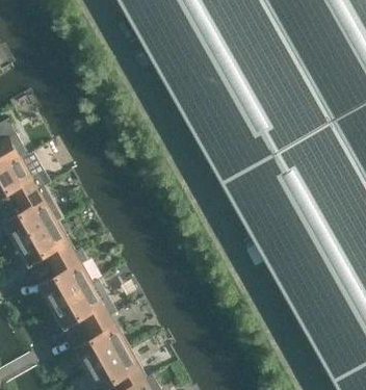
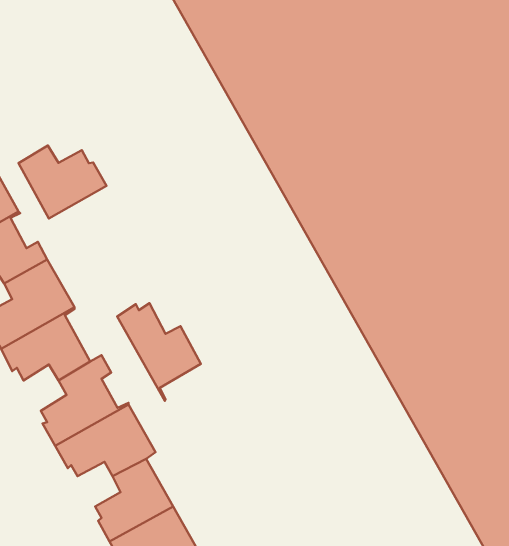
building: none -> [18,145,107,218]
building: none -> [117,303,201,401]

